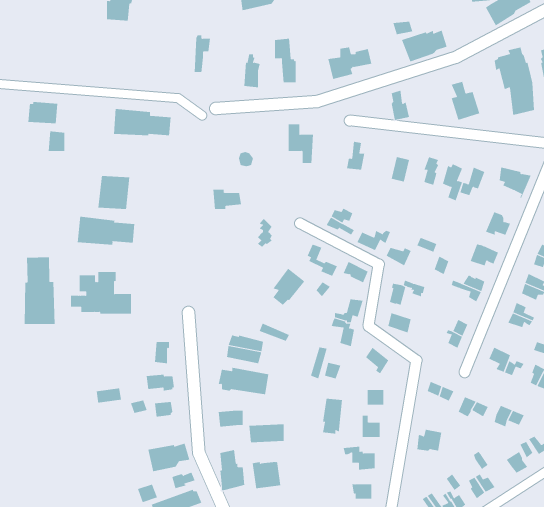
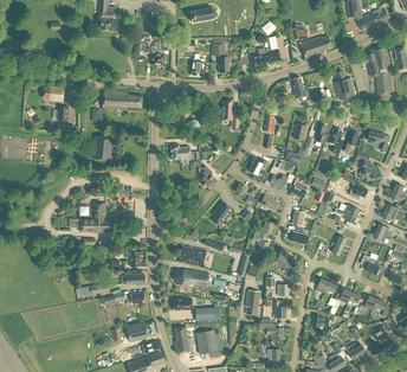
building: [77,216,135,245] -> none
building: [24,257,55,325] -> none

